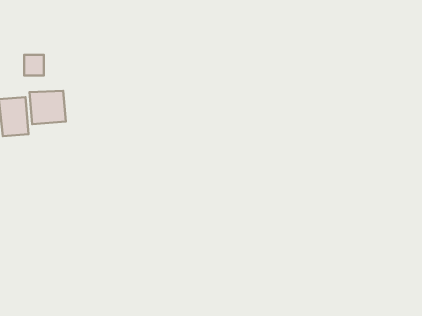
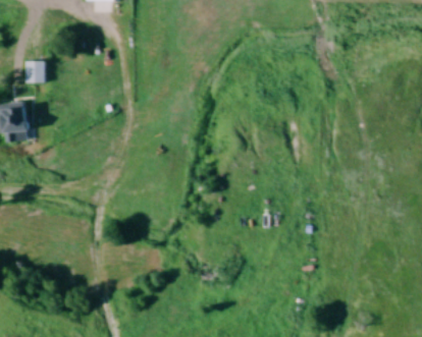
building: [29,91,66,124] -> none

